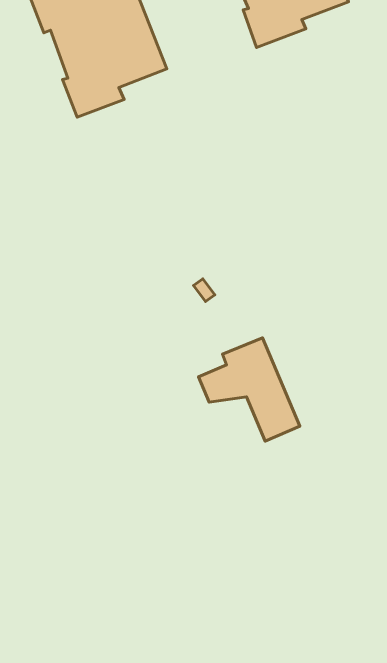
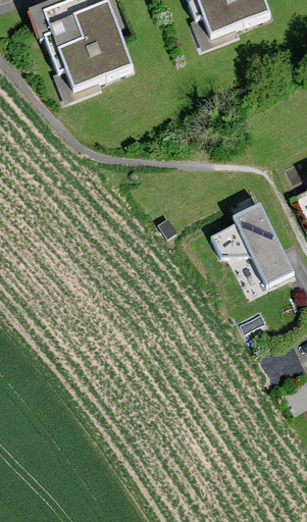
building: [198,338,300,441] -> [205,209,283,288]

